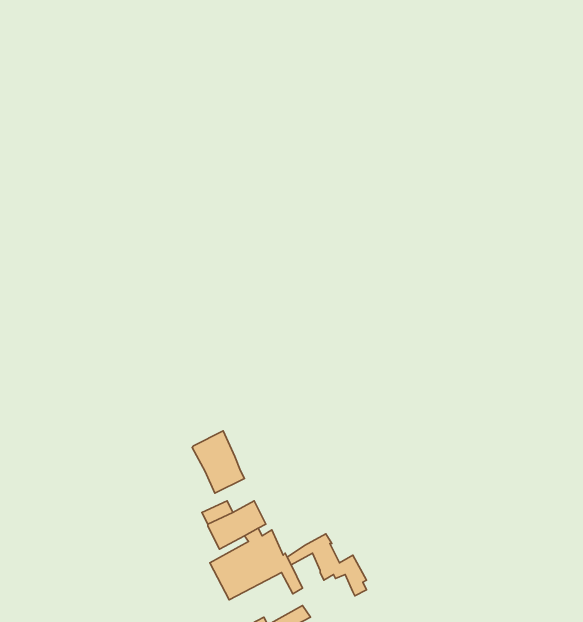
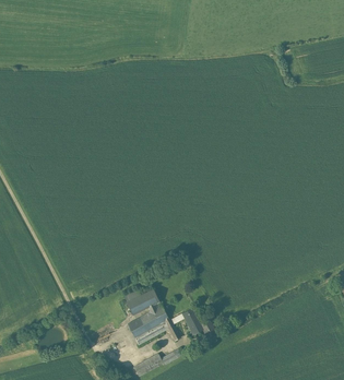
building: [192,431,244,493] -> none

